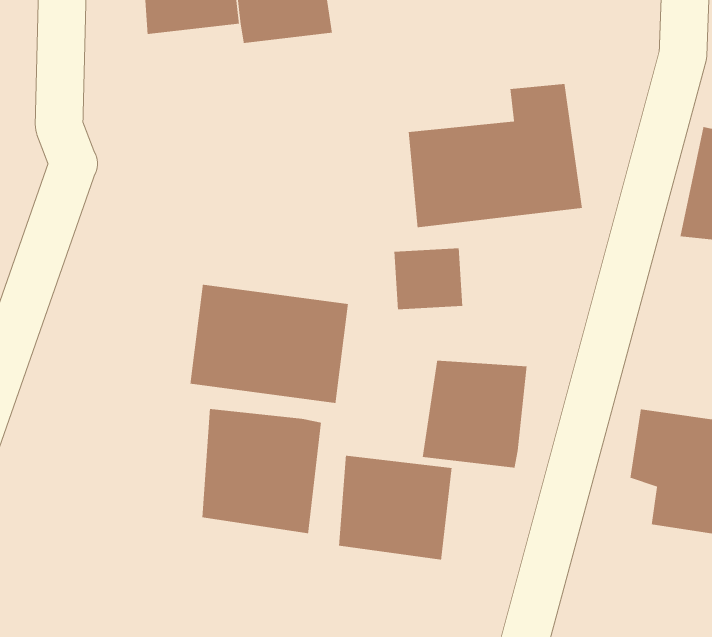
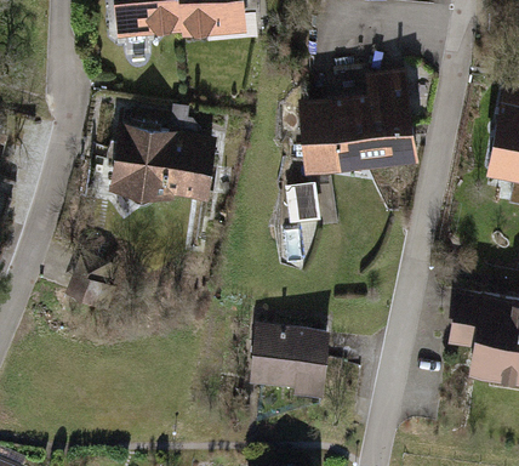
building: [190,284,349,404] -> [127,125,235,206]
building: [422,360,528,468] -> none
building: [202,408,322,534] -> none

